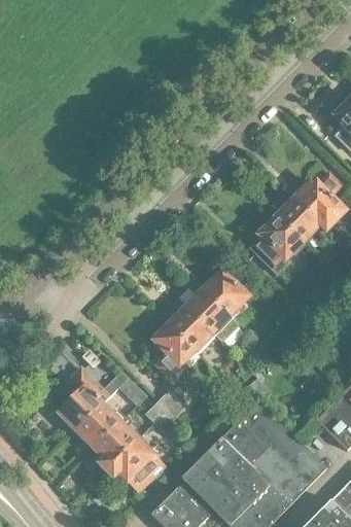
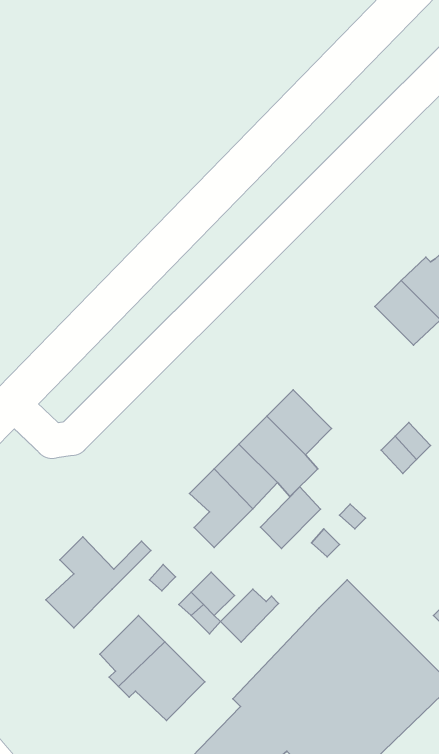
building: [250,215,302,274] -> none
building: none -> [260,487,321,548]
building: [75,403,118,447] -> none
building: none -> [220,589,279,642]

